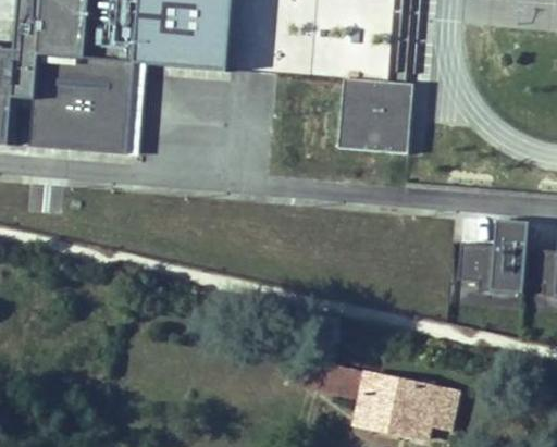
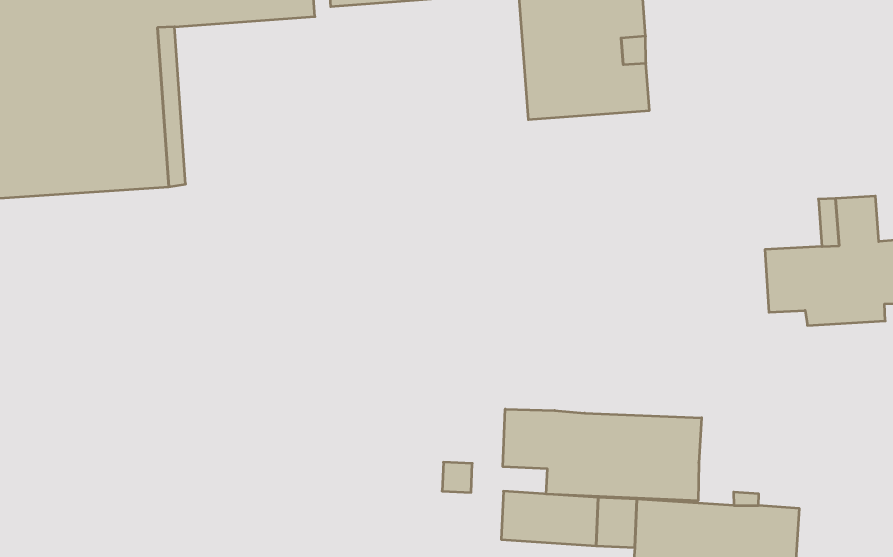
building: none -> [503,409,702,501]

